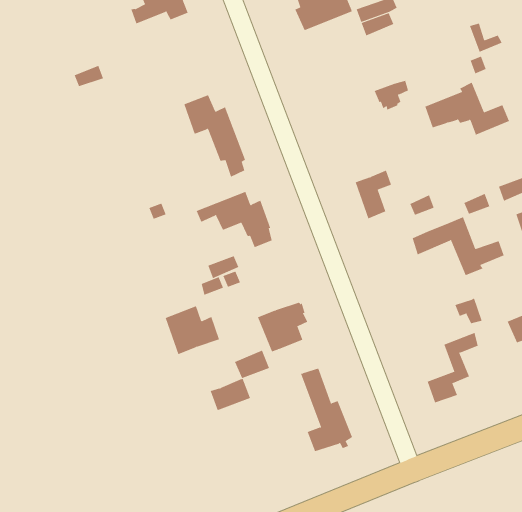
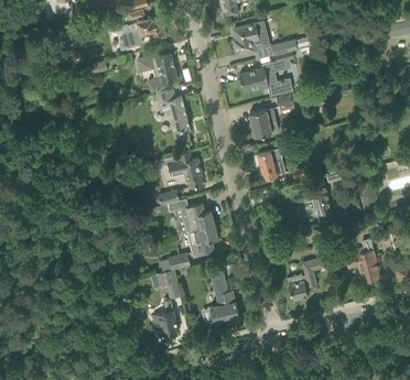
building: none -> [138,53,176,91]
building: [425,82,510,136] -> [239,63,292,97]
building: none -> [249,109,278,137]
building: [165,306,220,355] -> [181,203,214,232]
building: none -> [152,298,179,336]

